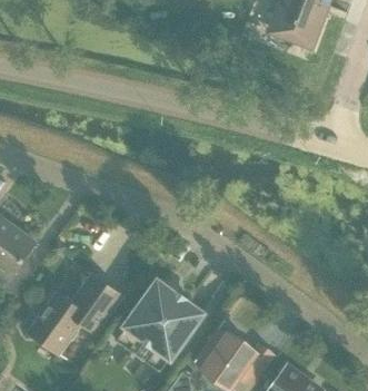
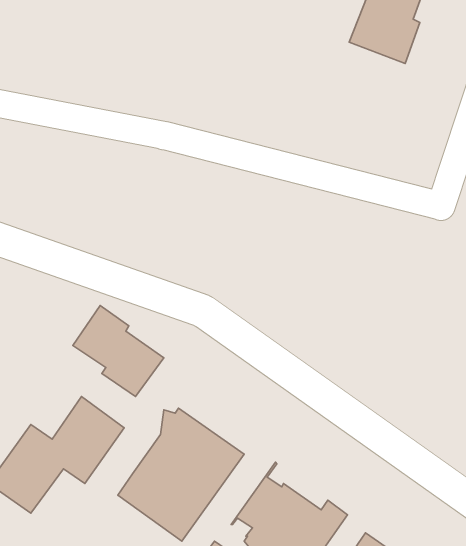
building: none -> [73,306,164,397]

